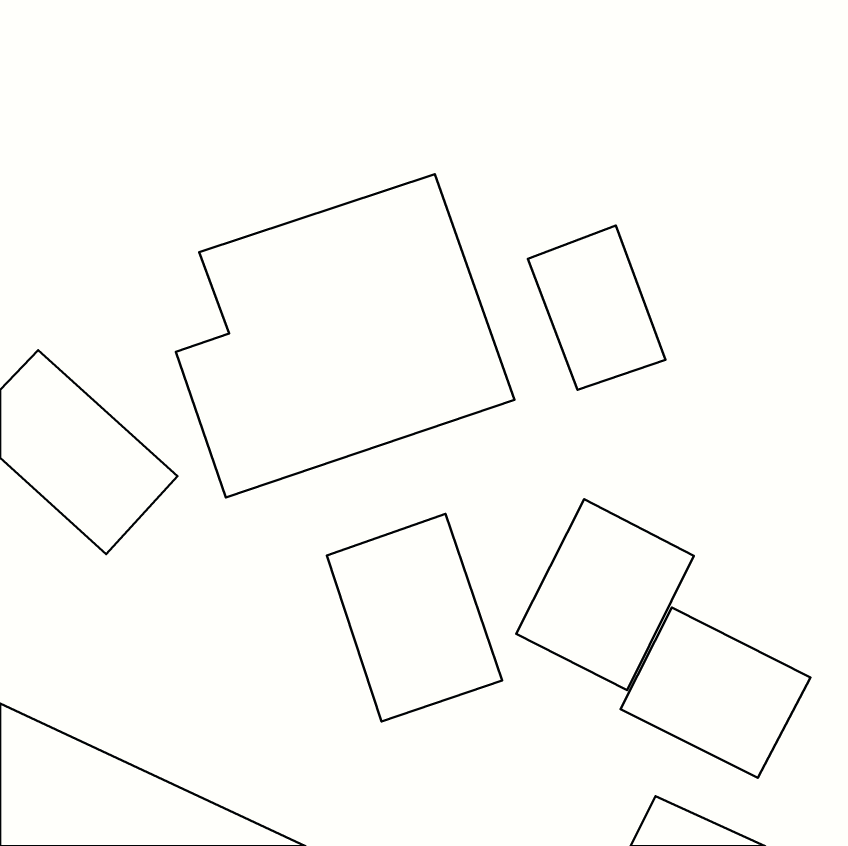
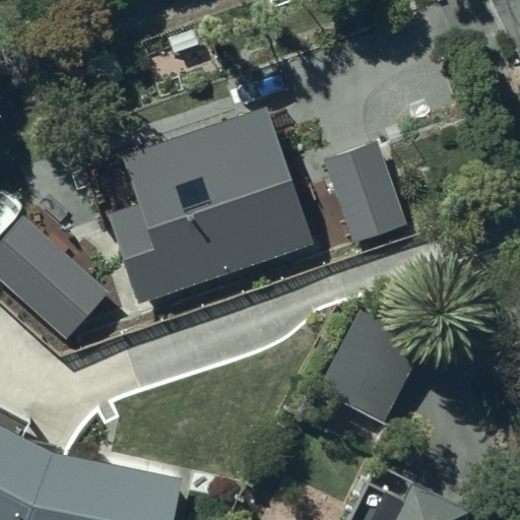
building: [327,514,502,722] -> none
building: [620,608,810,778] -> none

